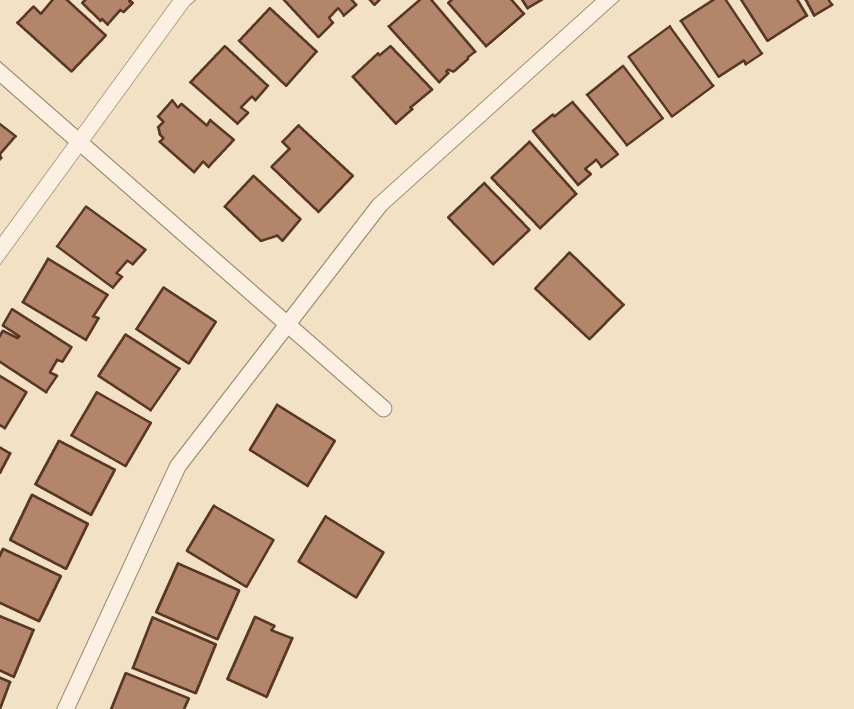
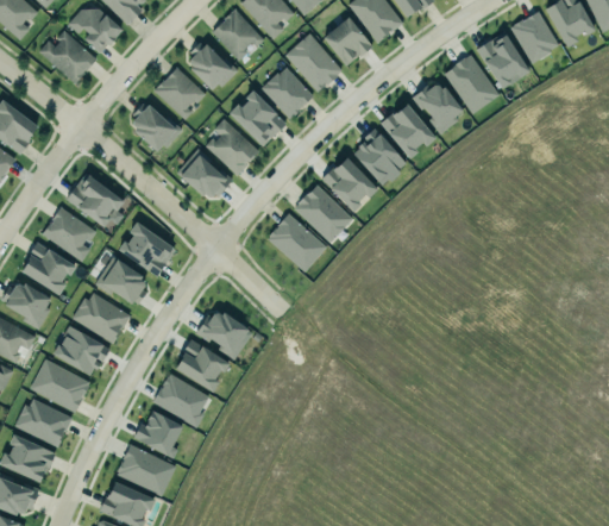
building: none -> [228,89,285,146]
building: [535,253,624,339] -> [294,184,352,242]
building: none -> [268,213,327,271]
building: [299,516,383,597] -> [171,337,227,390]
building: [228,617,292,697] -> none

